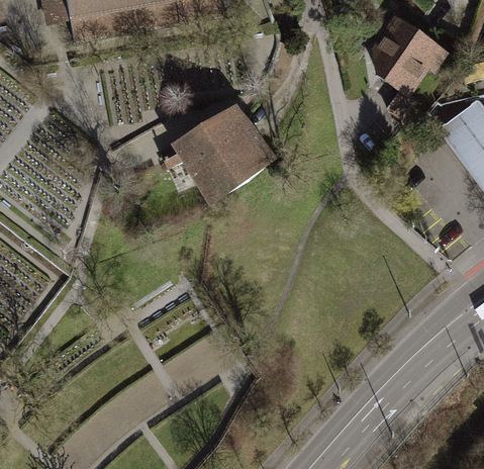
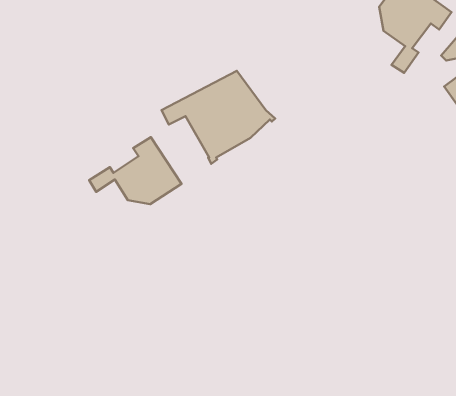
building: none -> [89,137,181,204]

